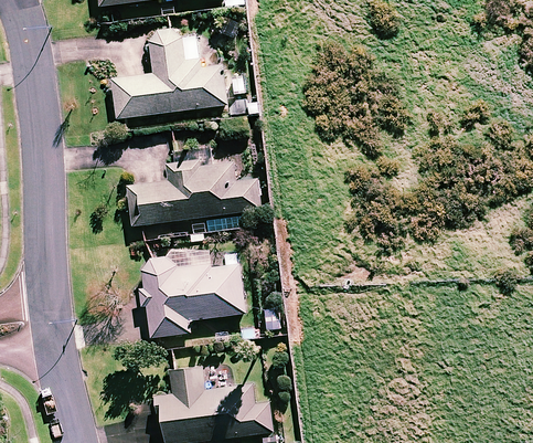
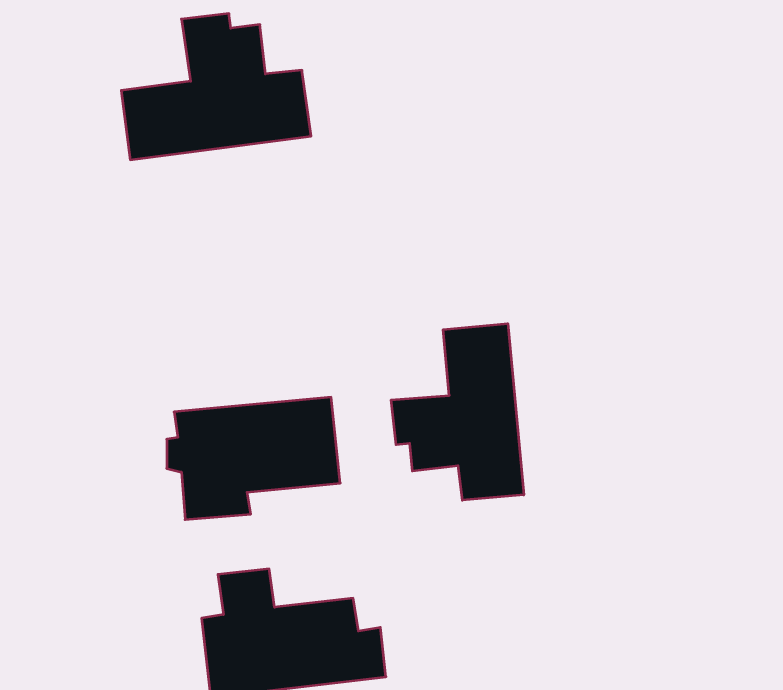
building: [127,155,259,225] -> none
building: none -> [391,324,524,500]

